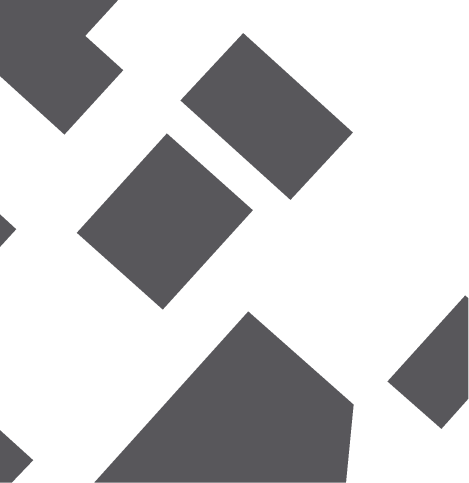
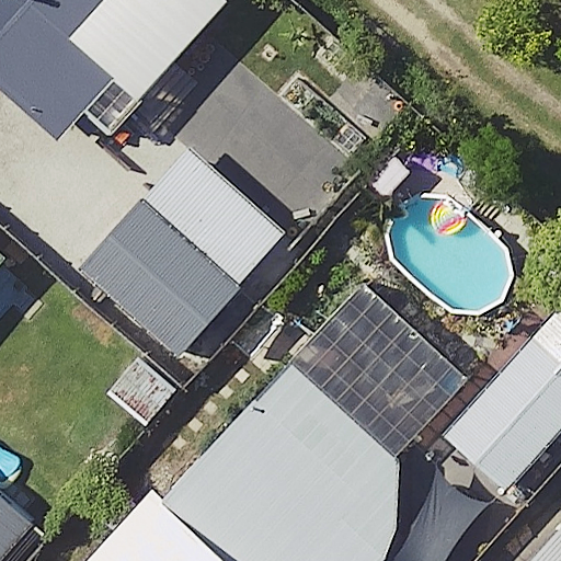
building: [180,32,354,201] -> none

